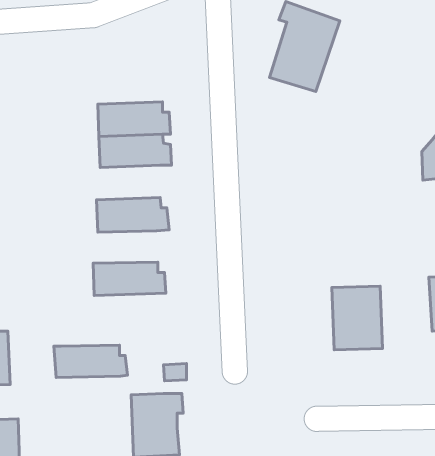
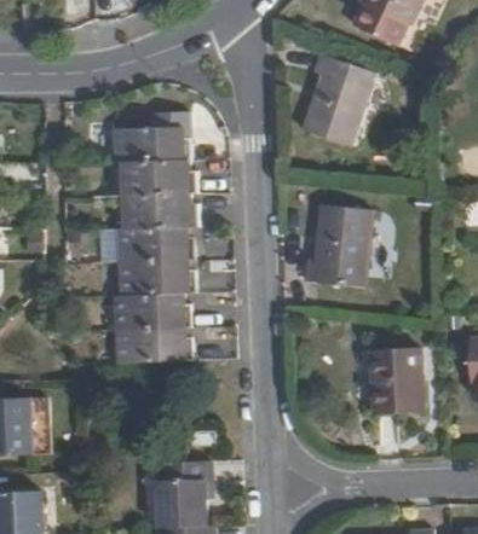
building: none -> [115,124,190,159]
building: none -> [305,205,370,288]
building: none -> [120,222,195,259]
building: [54,345,128,377] -> [115,291,192,325]

